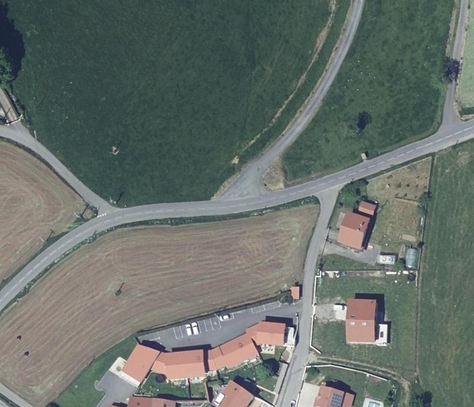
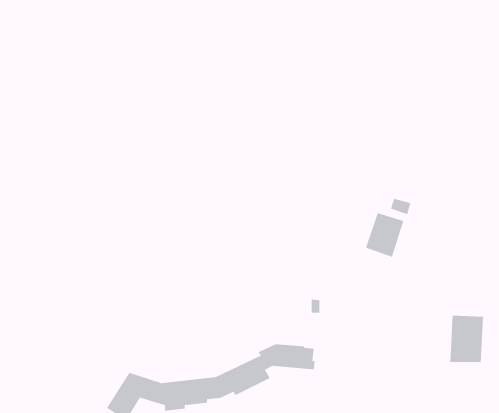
building: [346,301,375,341] -> [449,315,484,363]

